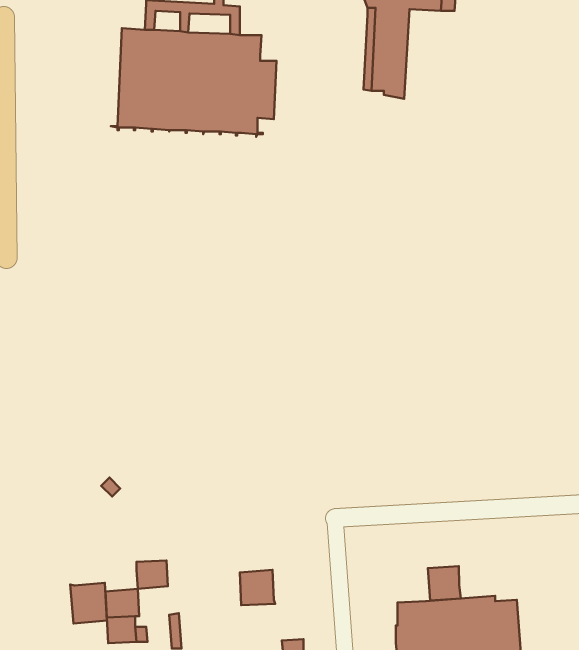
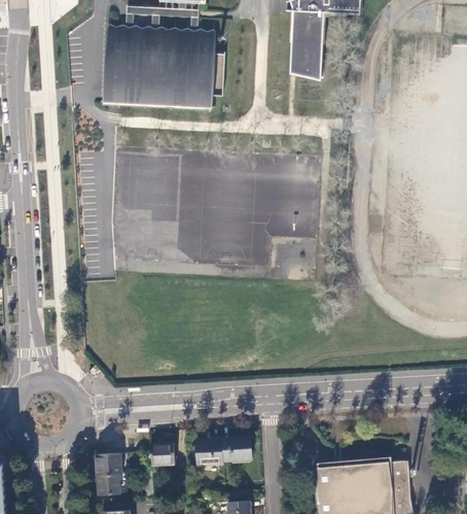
building: [137,560,168,589] -> [149,444,173,466]
building: [428,566,461,600] -> none
building: none -> [221,436,251,460]
building: [70,583,107,623] -> none

